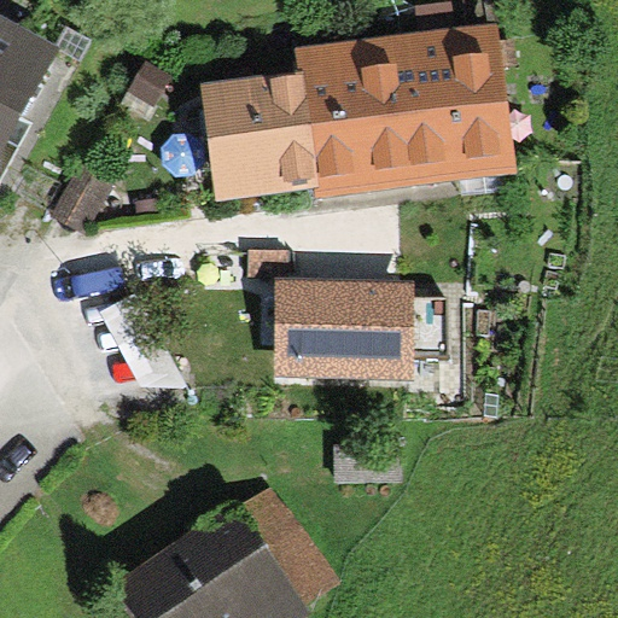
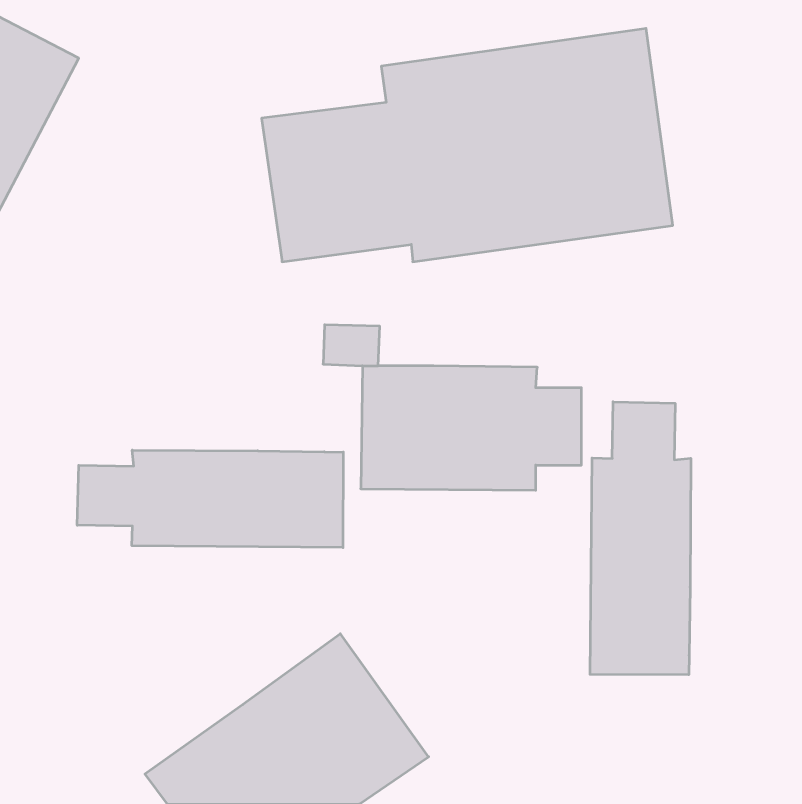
building: none -> [590,402,691,675]
building: none -> [77,450,343,548]

